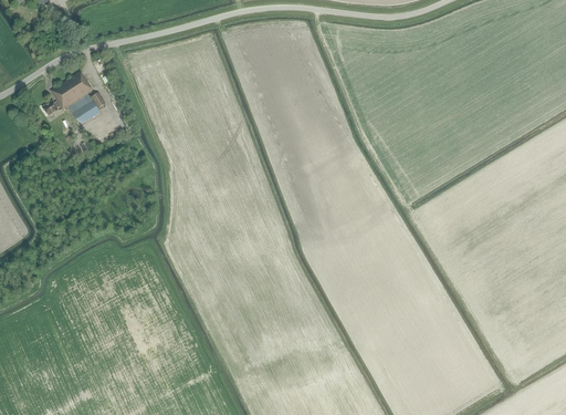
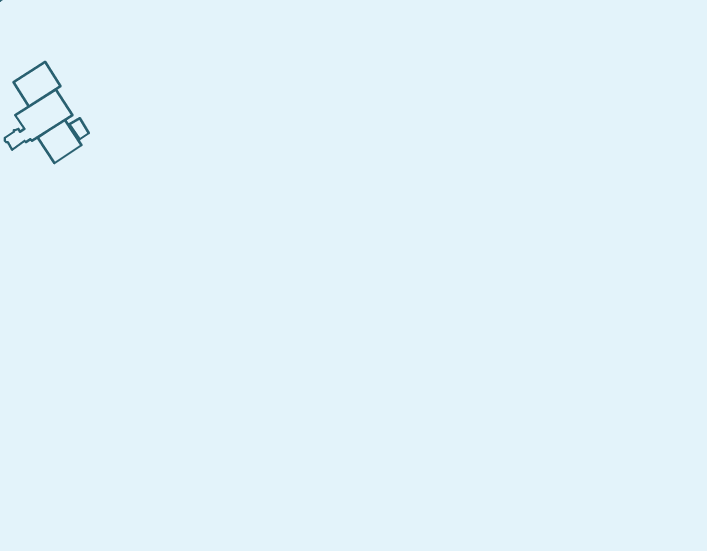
building: none -> [14,62,60,107]

